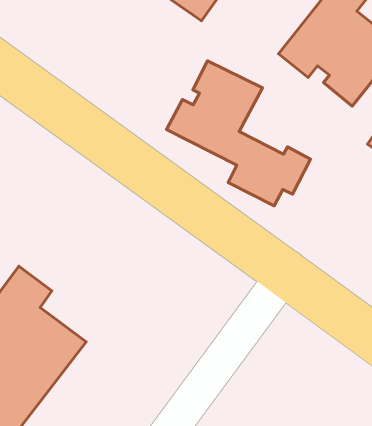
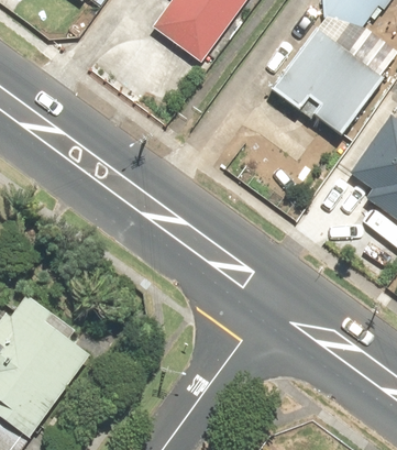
building: [167,61,310,206] -> none

